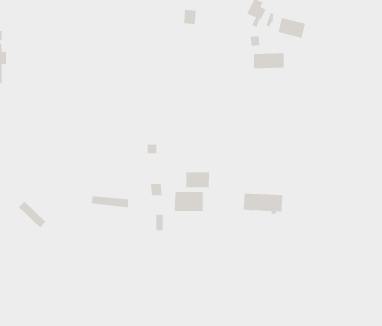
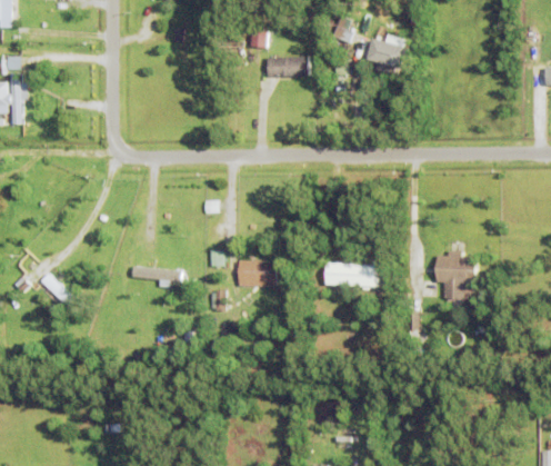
building: [253,53,284,69] -> [268,56,308,76]
building: [186,171,209,188] -> none
building: none -> [434,239,479,309]

